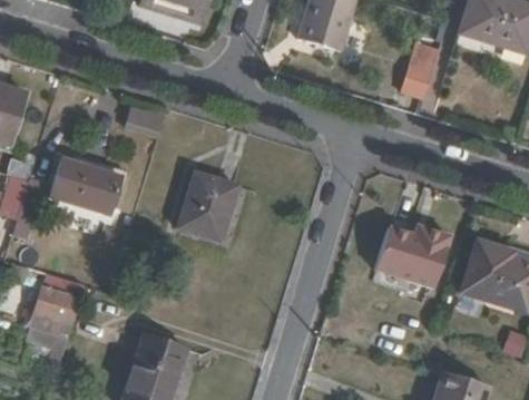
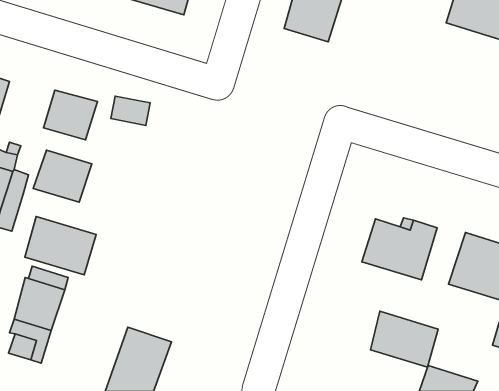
building: [402,41,440,98] -> none
building: none -> [44,90,97,140]
building: [178,172,238,240] -> none
building: none -> [25,216,96,275]
building: none -> [370,311,438,367]

